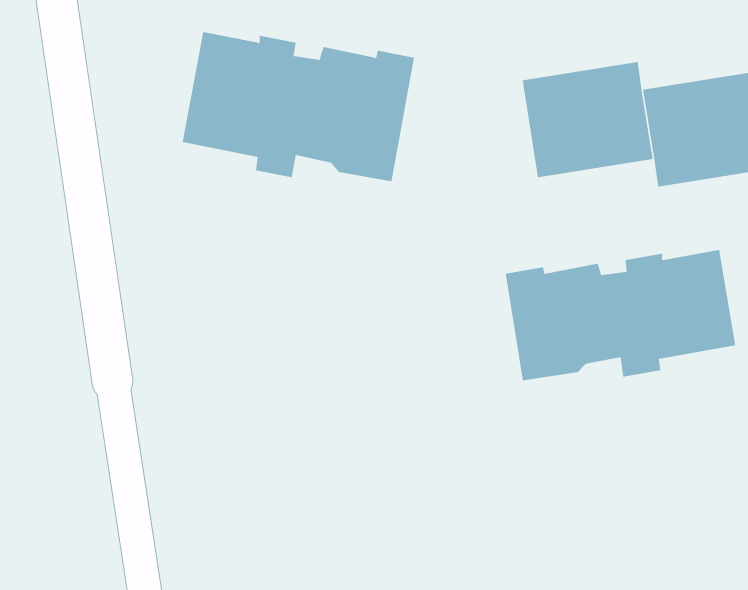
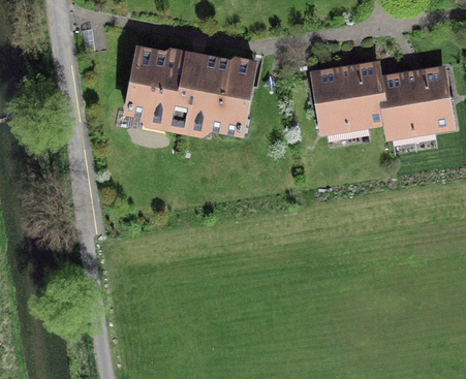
building: [505,249,736,381] -> none

